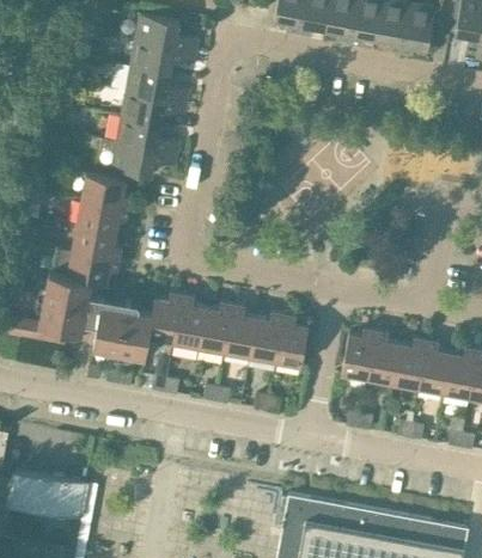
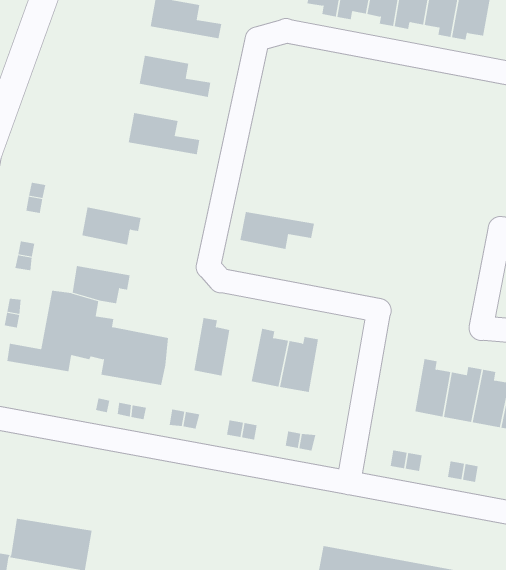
building: [130,41,196,73] -> none
building: [121,91,187,123] -> none
building: [111,142,177,176] -> [240,211,315,250]
building: [80,172,130,208] -> none
building: [71,223,121,258] -> none
building: [150,293,182,342] -> none
building: [199,302,233,351] -> none
building: [275,314,309,366] -> none
building: [341,329,376,378] -> none

